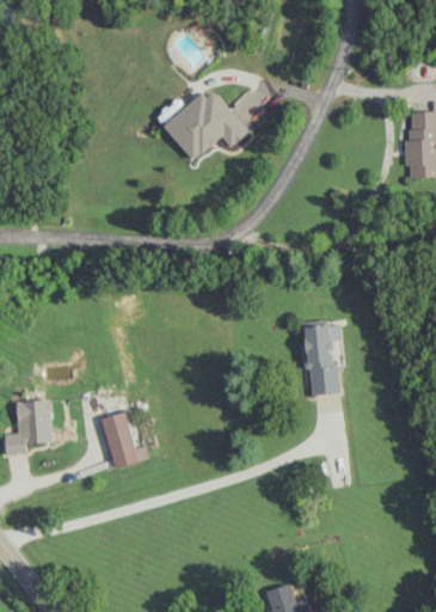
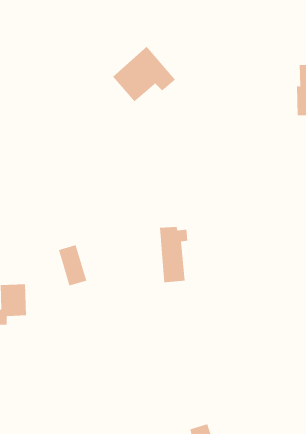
building: [303,322,342,396] -> [159,226,188,283]
building: [100,412,139,467] -> [58,245,87,286]

